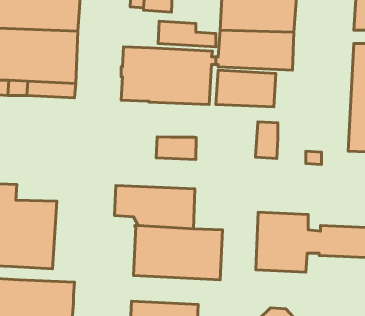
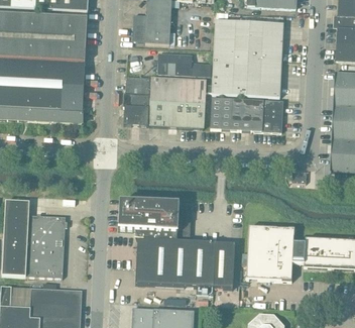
building: [256,122,278,158] -> [262,99,282,132]
building: [156,137,196,159] -> none
building: none -> [214,242,235,289]

